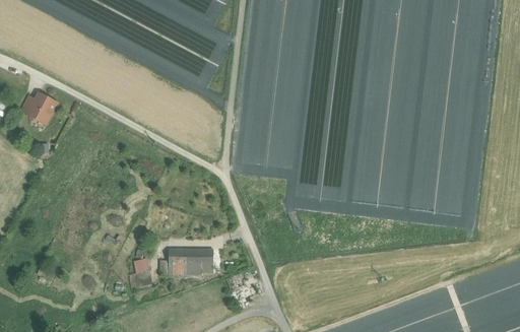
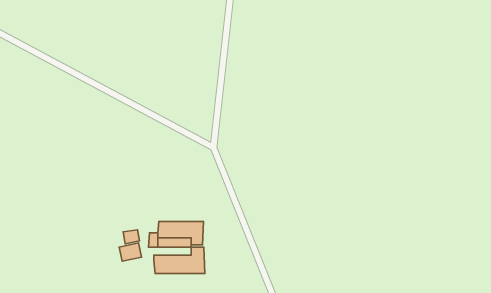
building: [29,93,57,119] -> none
building: none -> [154,247,205,273]

